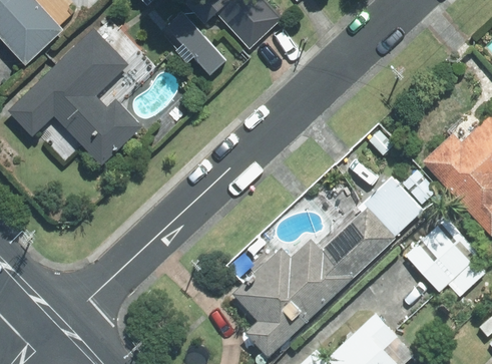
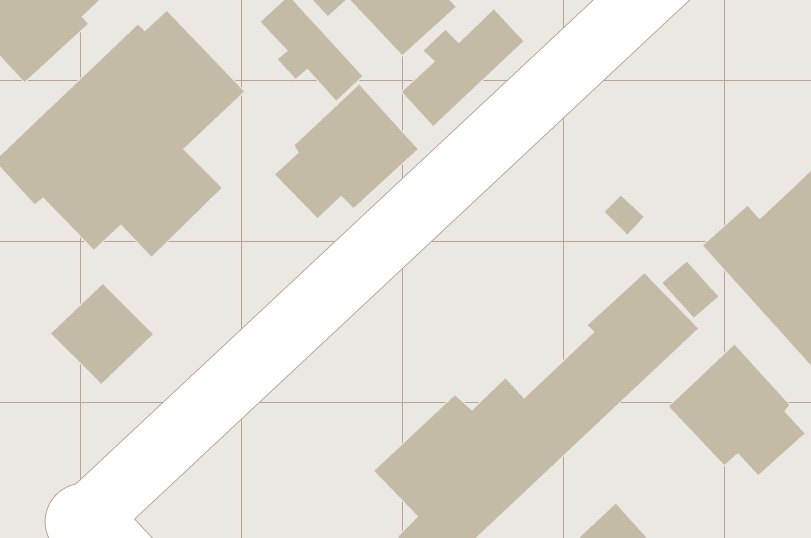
building: none -> [401,8,524,127]
building: none -> [274,84,419,219]
building: none -> [50,283,154,385]

